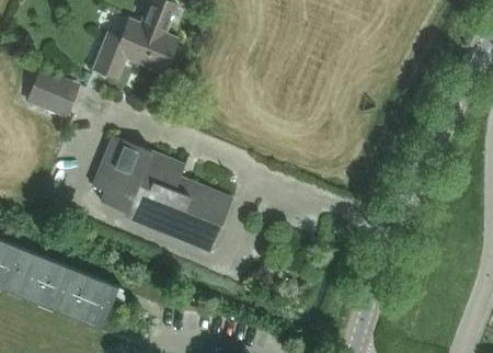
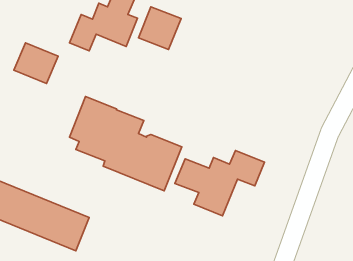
building: none -> [138,7,181,50]
building: none -> [175,150,264,216]

